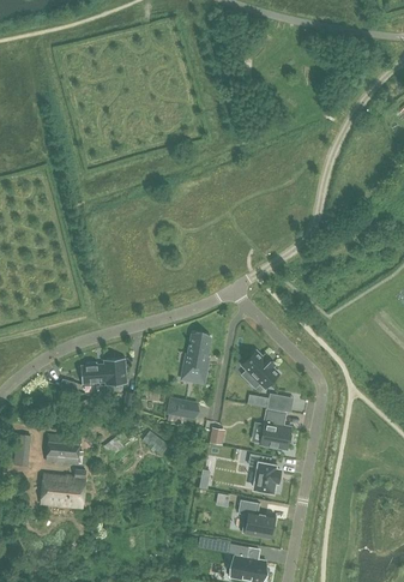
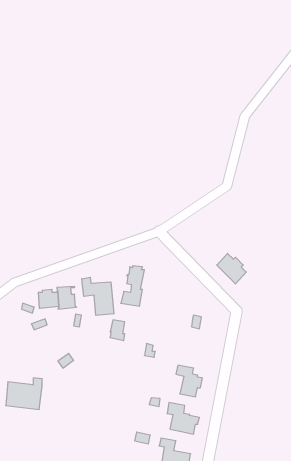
building: none -> [82,277,114,315]
building: [242,350,278,388] -> [217,253,246,284]
building: [260,409,291,448] -> none
building: [46,434,83,464] -> none

